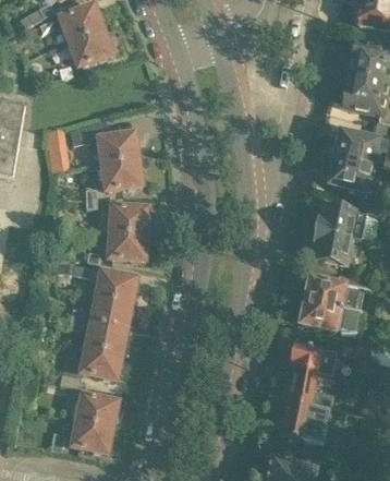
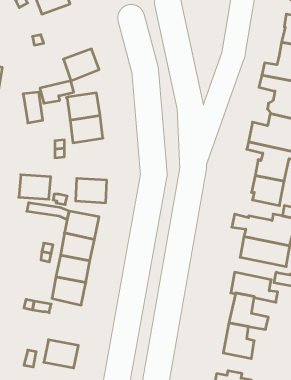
building: [70,29,111,67] -> [63,49,99,81]
building: [110,206,147,235] -> [19,175,51,199]
building: [77,395,117,426] -> none

